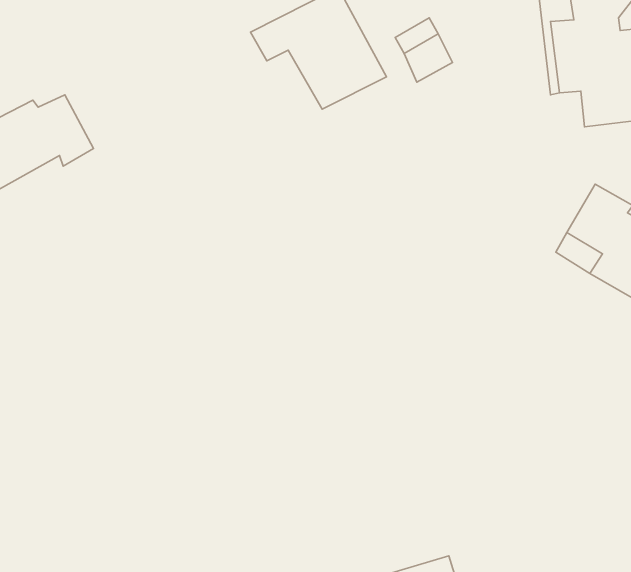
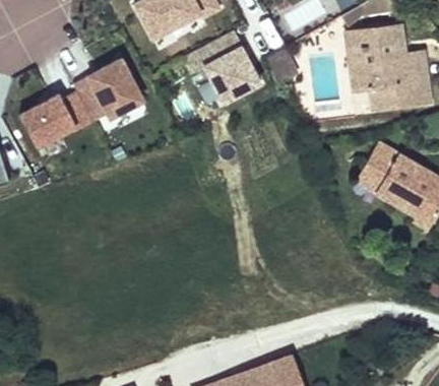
building: none -> [72,57,142,121]

